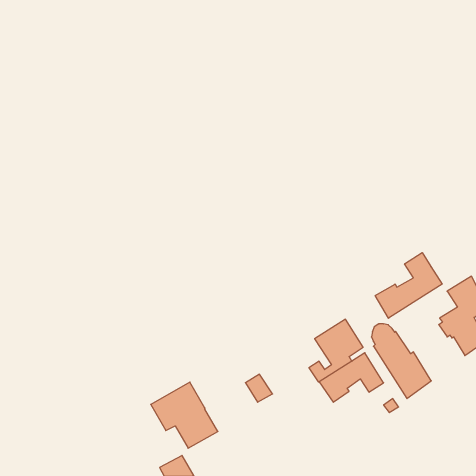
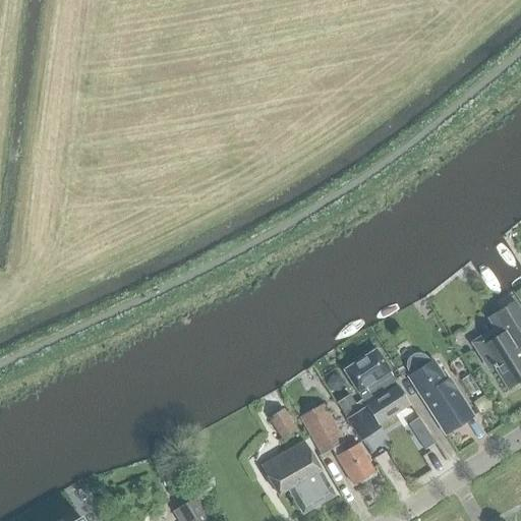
building: [375,253,442,318] -> none
building: none -> [300,403,375,484]
building: [151,382,218,448] -> [263,441,336,513]

